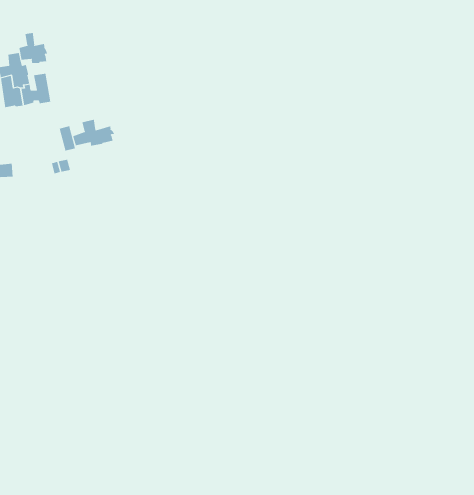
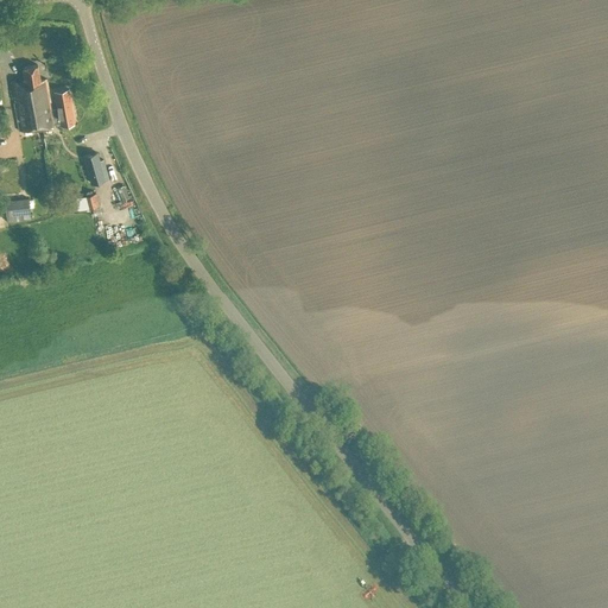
building: [19,32,48,64] -> none
building: [72,119,115,147] -> none

